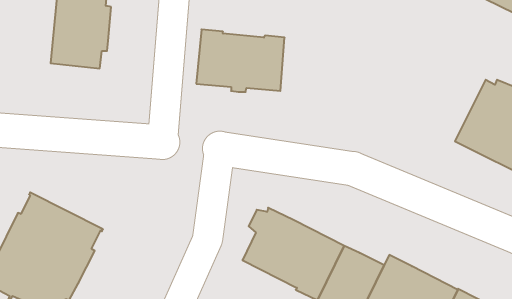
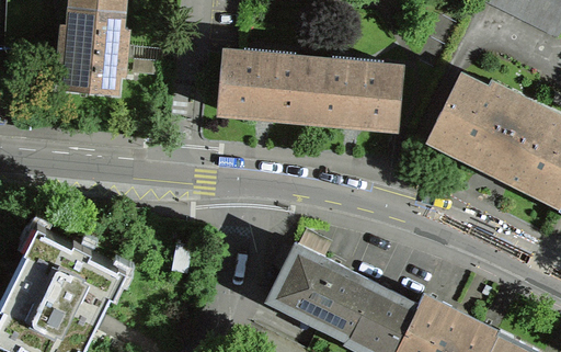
building: none -> [307,63,401,129]
building: none -> [426,75,526,173]

